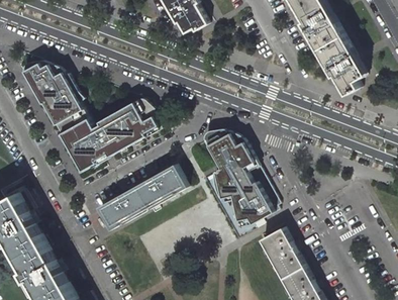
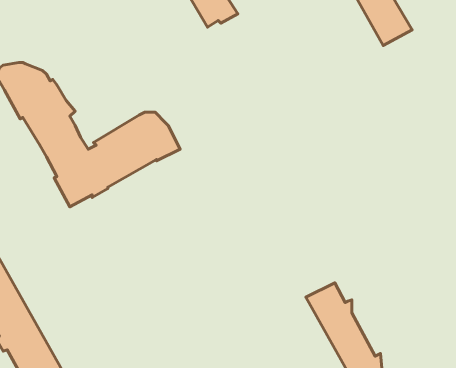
building: [319,36,364,95] -> none
building: [202,130,277,226] -> none
building: [98,167,185,231] -> none

